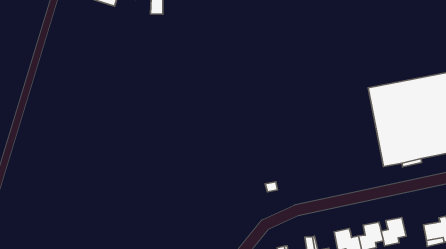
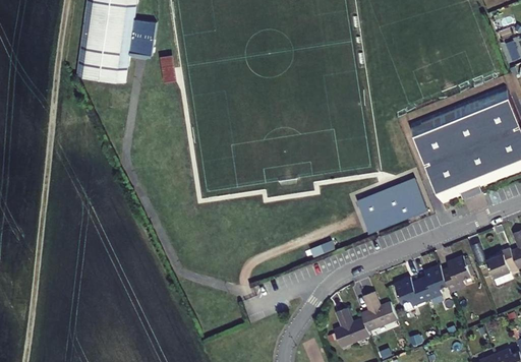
building: none -> [354,179,422,232]

